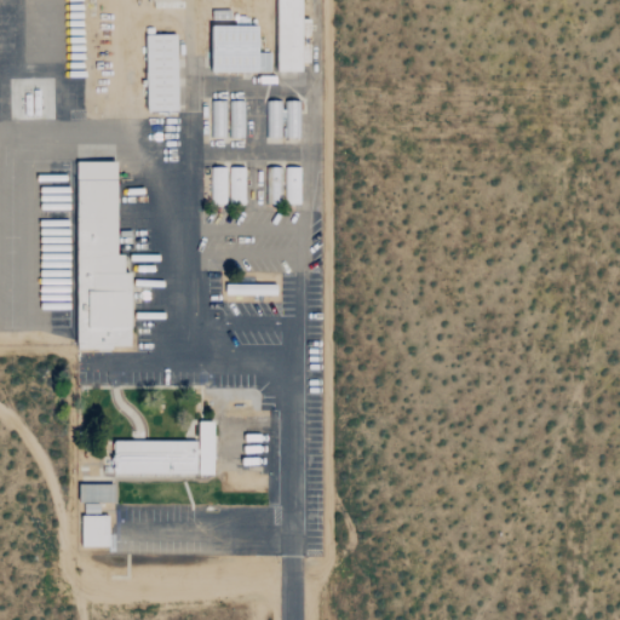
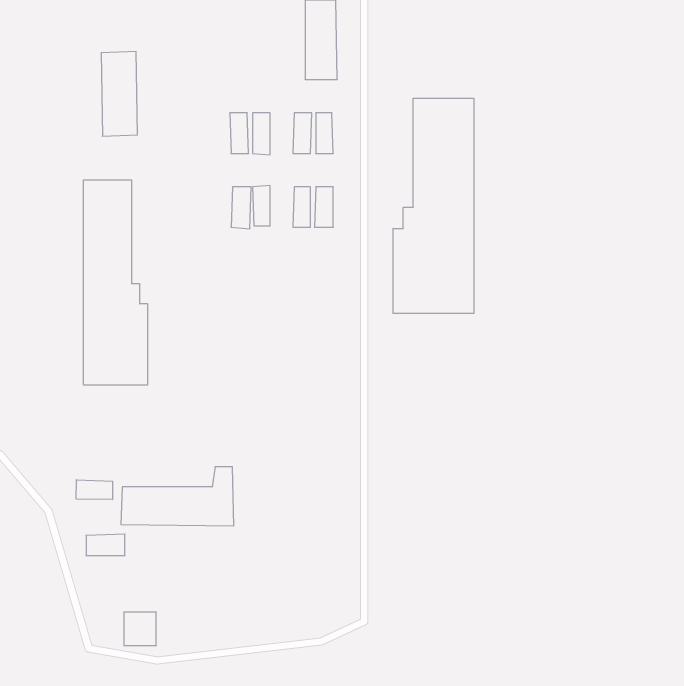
building: [212,28,274,74] -> none
building: [149,36,182,113] -> [101,52,137,136]
building: none -> [393,98,474,313]
building: none -> [76,480,113,500]
building: [81,515,110,545] -> [124,612,156,646]

